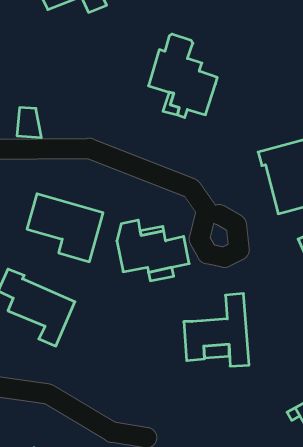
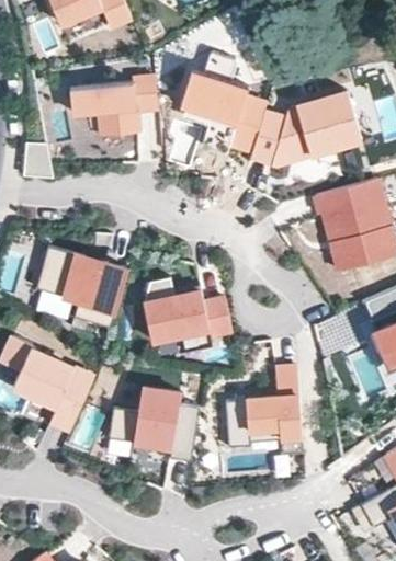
building: none -> [69,76,158,136]
building: none -> [249,92,360,164]
building: none -> [109,387,200,461]

